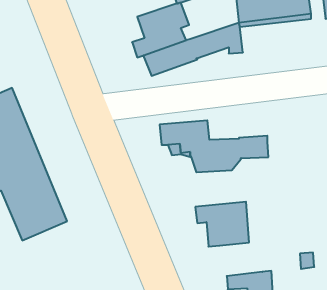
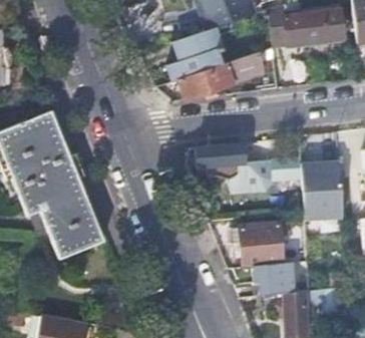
building: none -> [301,160,343,220]
building: none -> [254,261,296,295]

